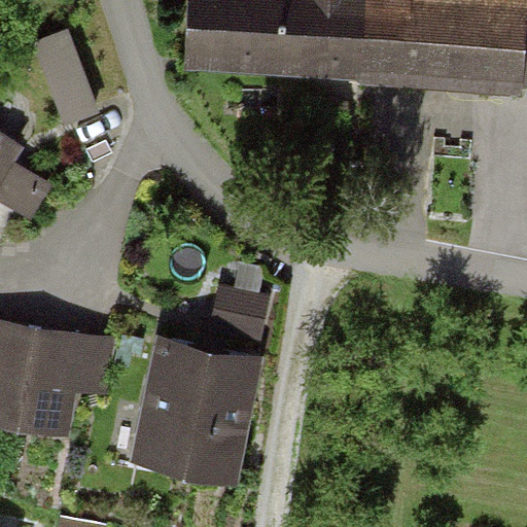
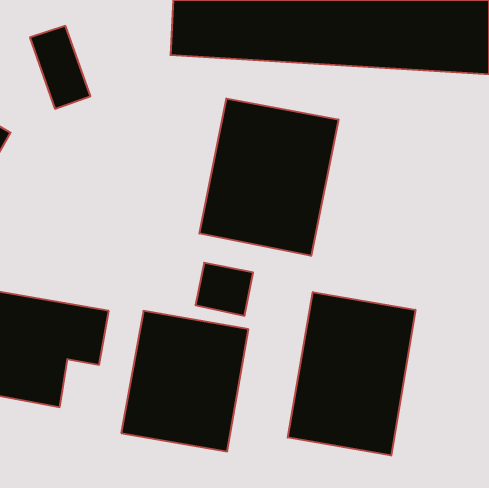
building: none -> [199,98,338,256]
building: none -> [288,292,415,456]

